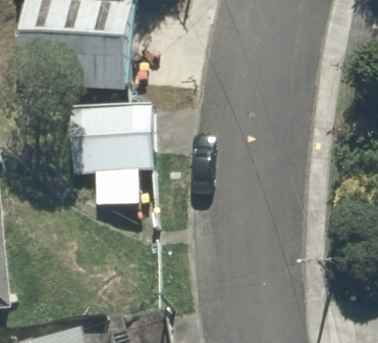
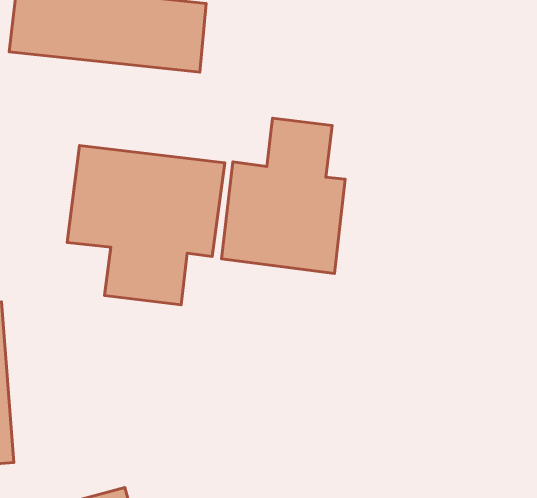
building: none -> [221,118,345,273]

